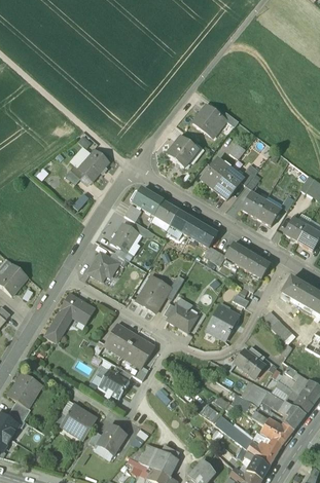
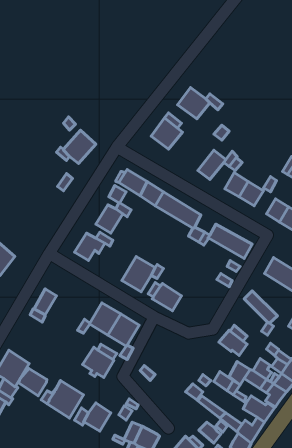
building: [202,157,230,188] -> none
building: [59,292,95,325] -> none
building: [207,304,240,339] -> none
building: none -> [19,368,47,396]

